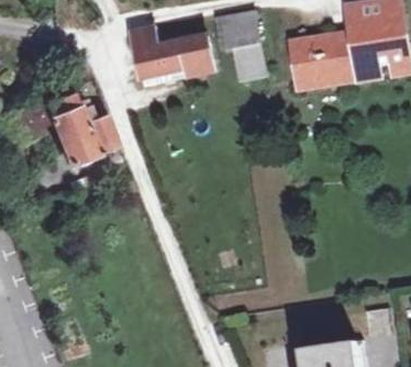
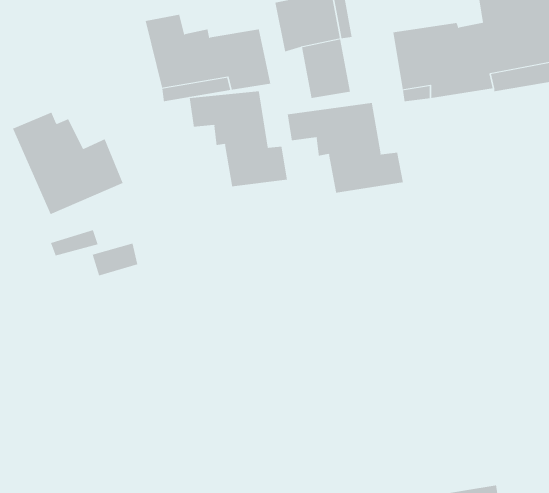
building: none -> [189,90,288,187]
building: none -> [287,102,403,193]

